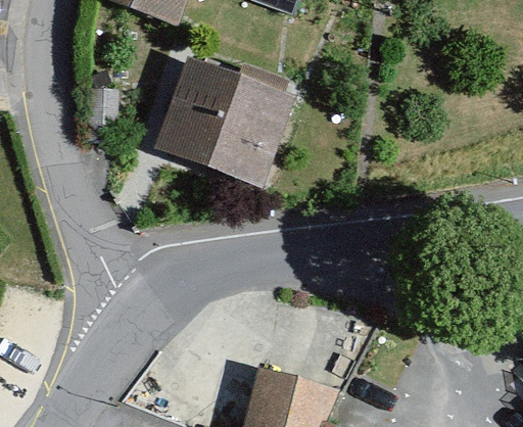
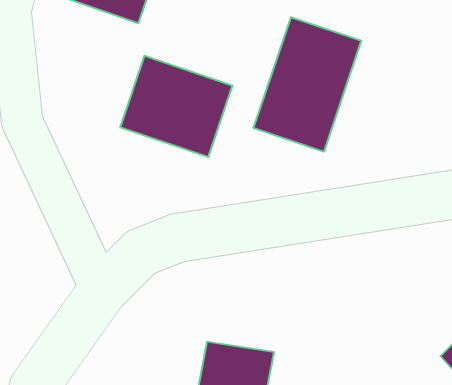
building: none -> [254,17,361,152]

